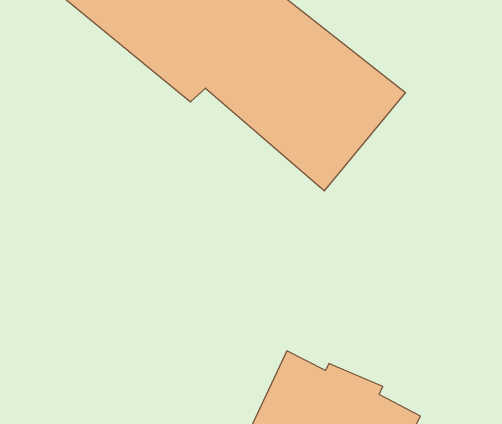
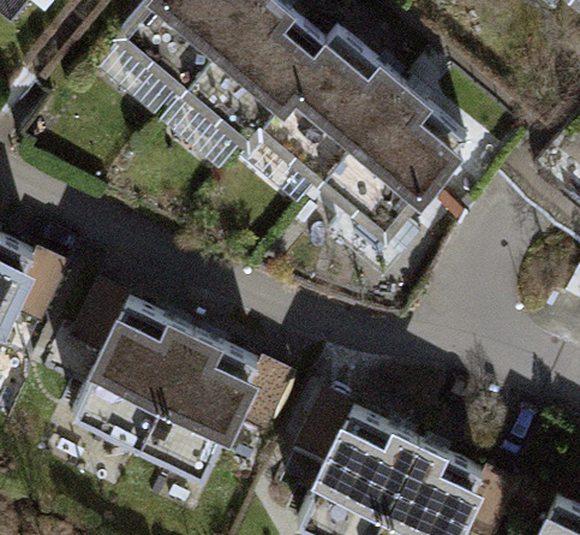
building: none -> [72,307,259,480]

